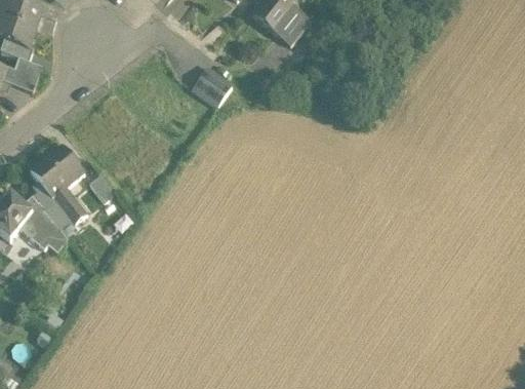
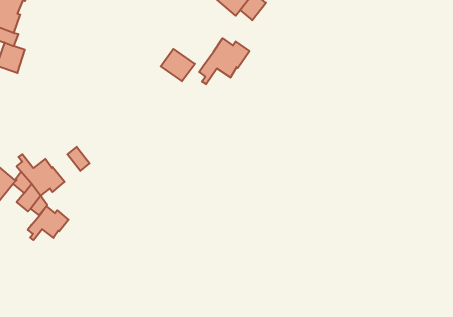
building: none -> [199,38,249,84]
building: [29,146,83,199] -> none
building: none -> [28,206,69,240]

